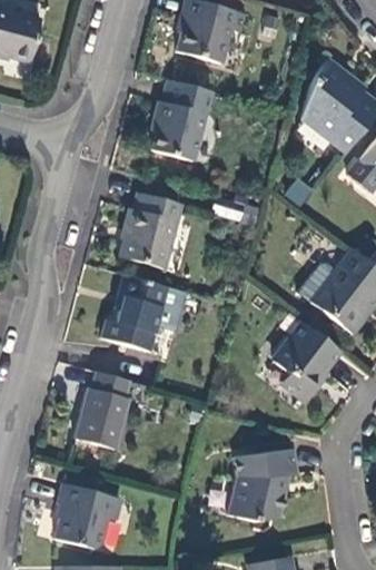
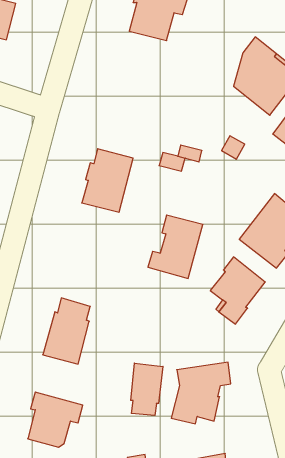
building: [151,80,212,161] -> none
building: [102,276,168,352] -> [148,215,203,278]
building: none -> [131,363,163,415]

